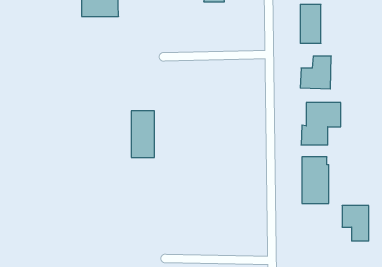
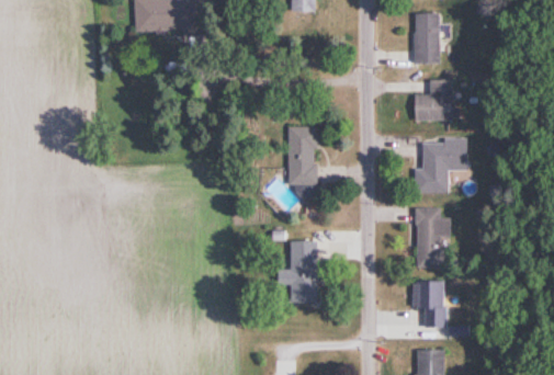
building: [131,111,154,157] -> [287,126,317,185]
building: none -> [276,240,318,303]
building: [342,206,369,241] -> [411,282,445,327]

